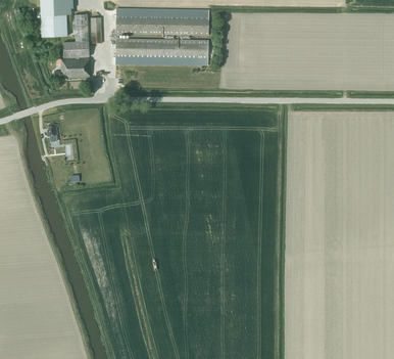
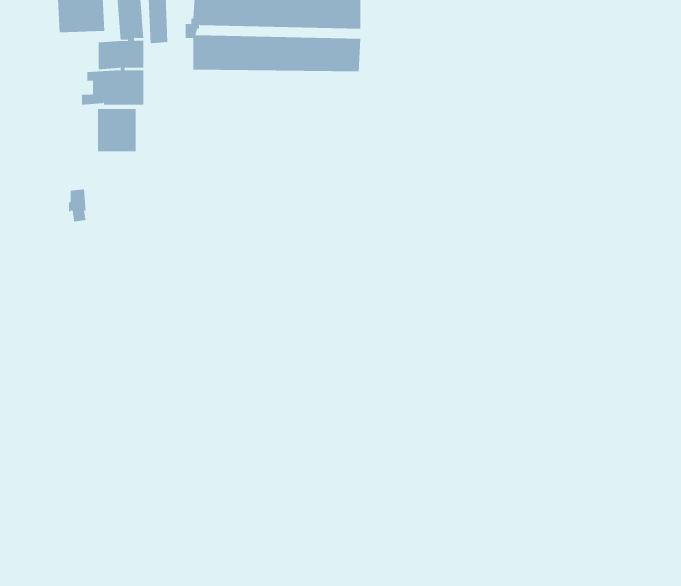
building: none -> [97,108,136,152]

